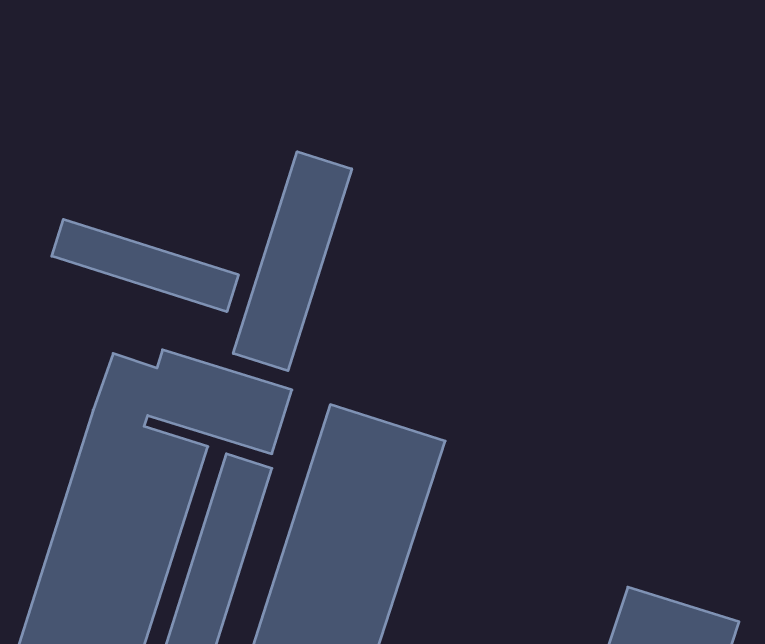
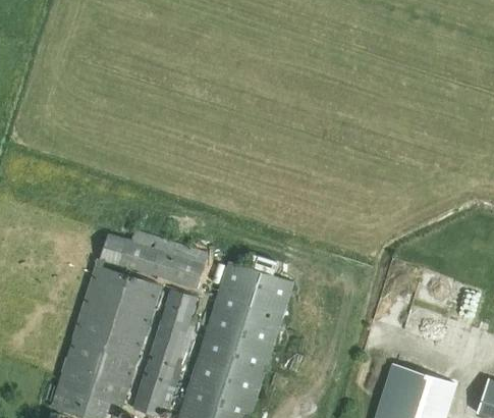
building: [233,152,352,371] -> none
building: [52,219,238,312] -> none

